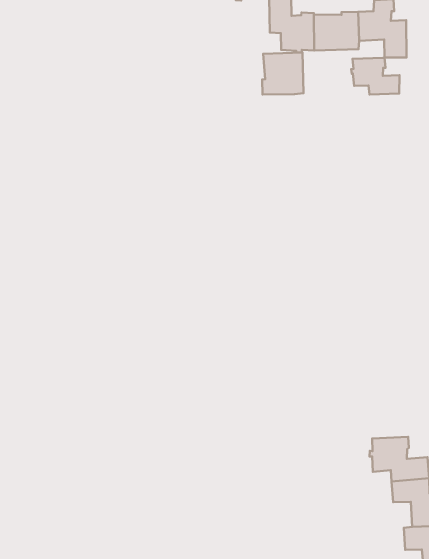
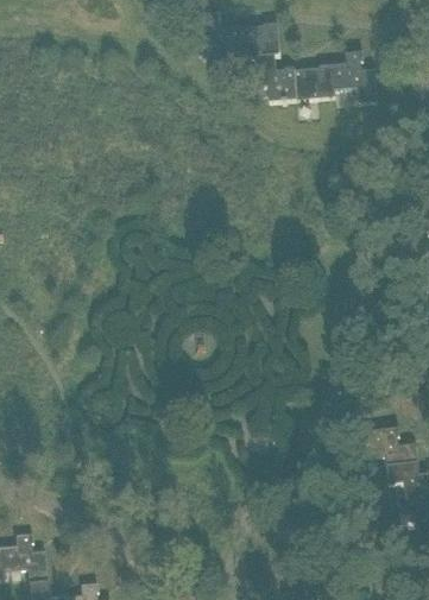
building: [262,53,303,95] -> none
building: [351,58,399,94] -> none

